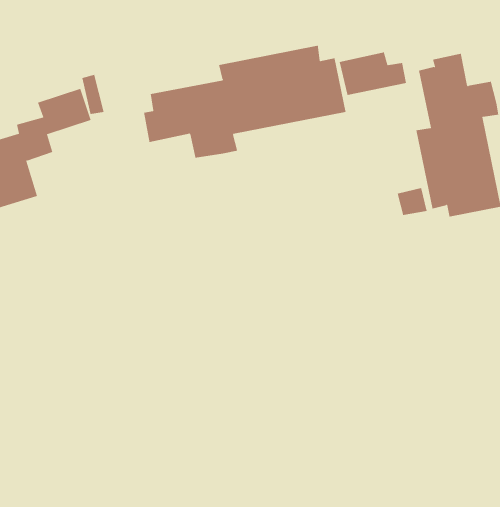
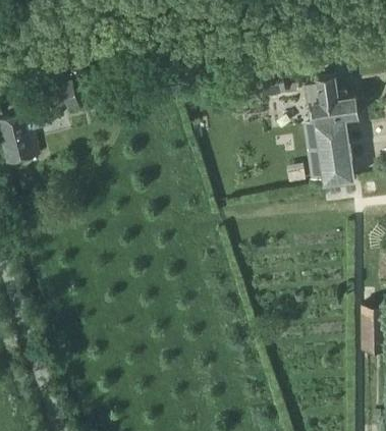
building: [143,45,346,159] -> none

